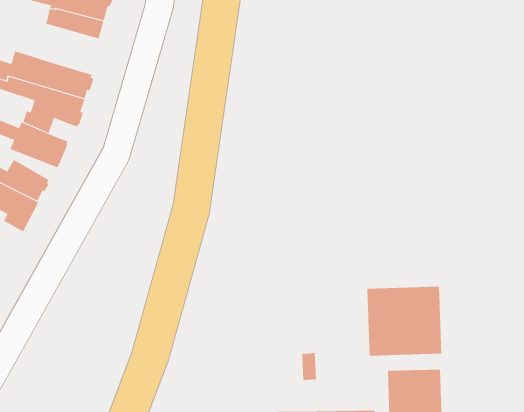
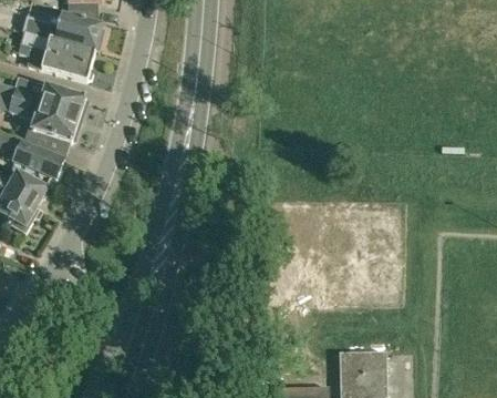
building: none -> [18,42,91,80]
building: [367,286,442,356] -> none

